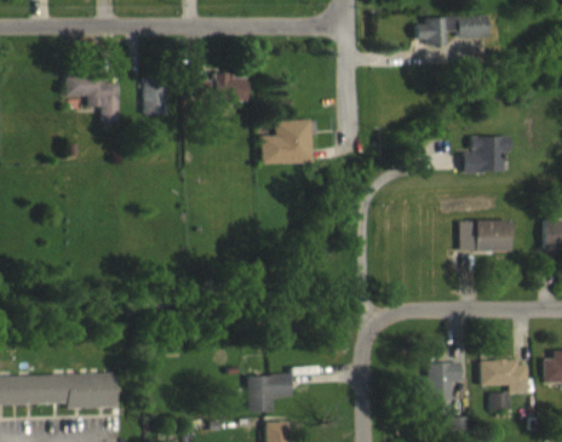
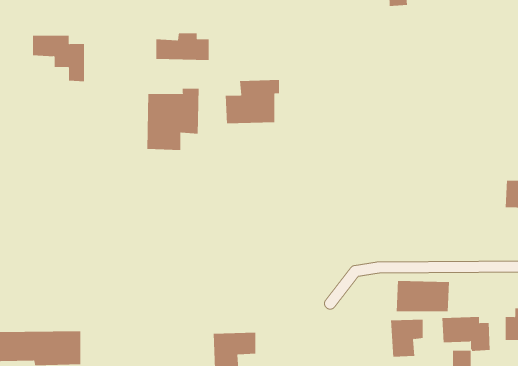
building: [143,75,166,114] -> none
building: none -> [147,88,199,151]
building: [463,136,510,172] -> none
building: [459,219,514,251] -> [396,281,450,312]

